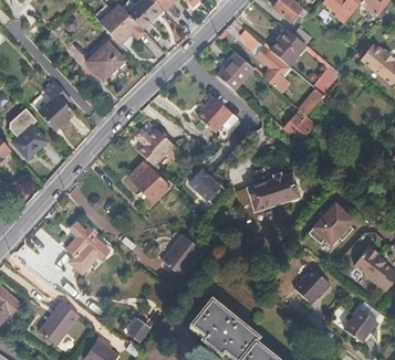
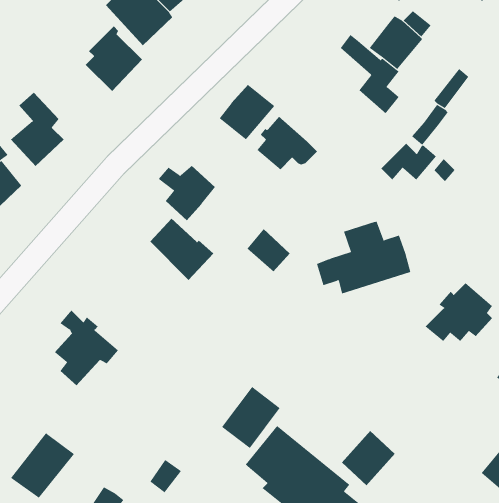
building: [218,55,254,92] -> [219,84,275,140]
building: [163,234,201,275] -> [221,386,281,449]
building: [294,265,330,301] -> [341,430,396,486]

